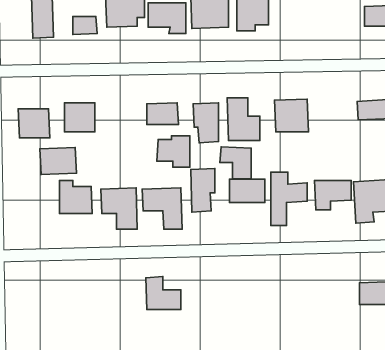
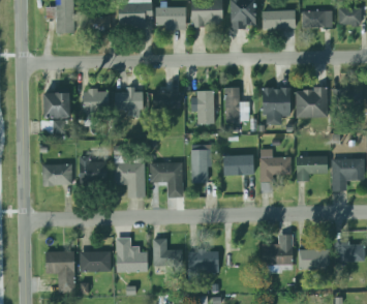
building: none -> [262,10,295,29]
building: none -> [302,10,332,28]
building: none -> [294,84,326,113]
building: [157,136,190,167] -> [114,89,142,116]
building: [220,147,251,179] -> none
building: [40,148,76,174] -> [41,163,72,186]
building: none -> [259,234,293,271]
building: none -> [114,235,148,273]
building: none -> [299,249,329,269]
building: none -> [79,250,110,272]
building: none -> [187,250,219,273]
building: none -> [45,251,74,293]

